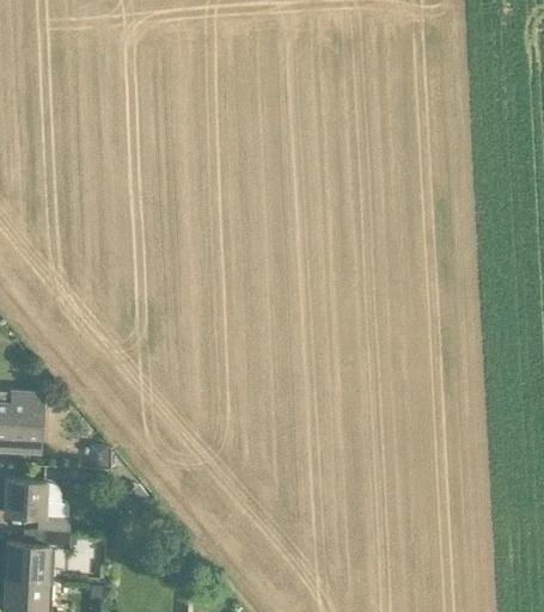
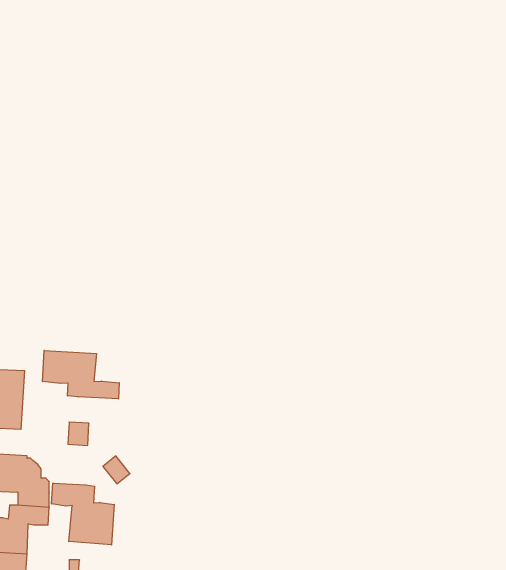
building: none -> [43,350,119,399]
building: none -> [52,483,114,545]

